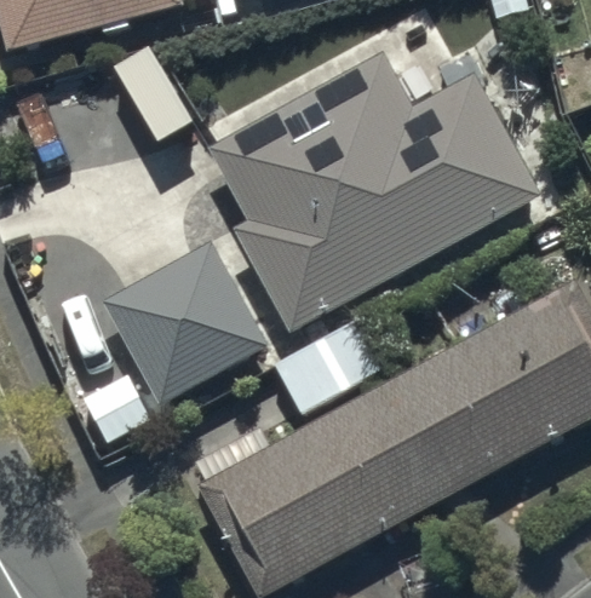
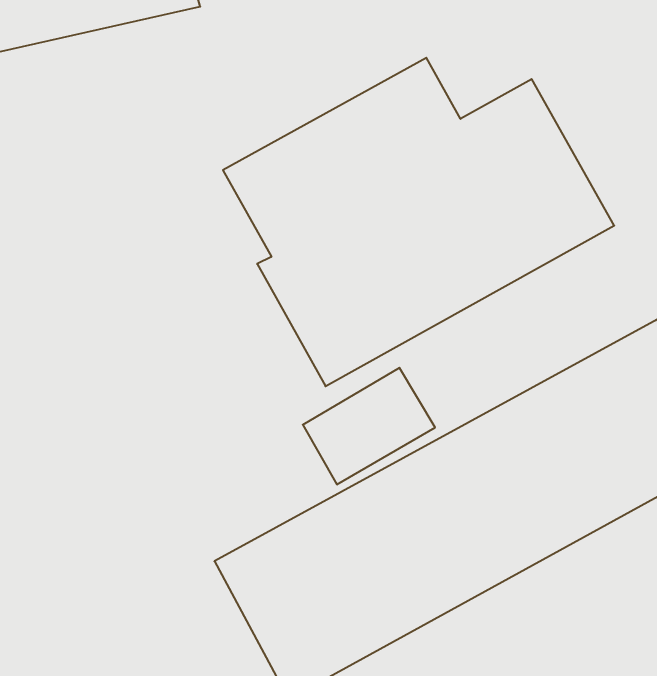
building: [104,242,266,403] -> none

